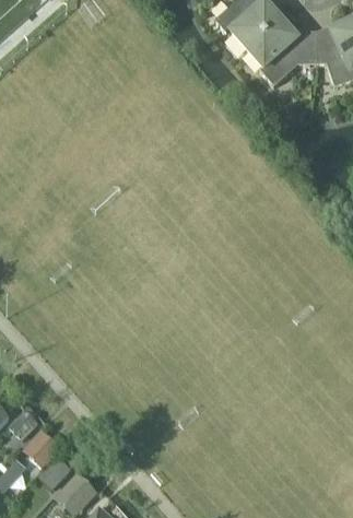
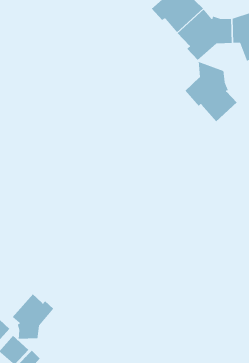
building: none -> [185,61,238,122]
building: none -> [12,294,54,340]

